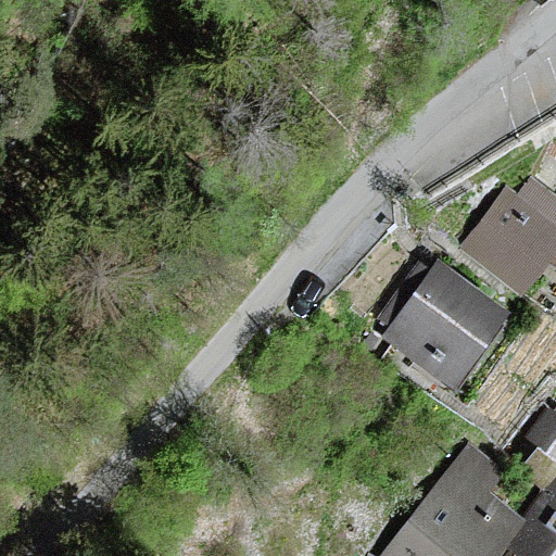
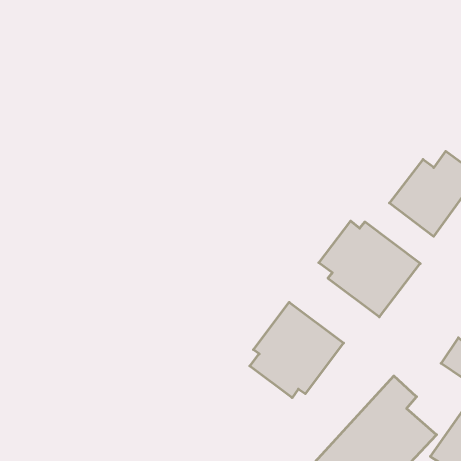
building: none -> [250,302,344,398]

